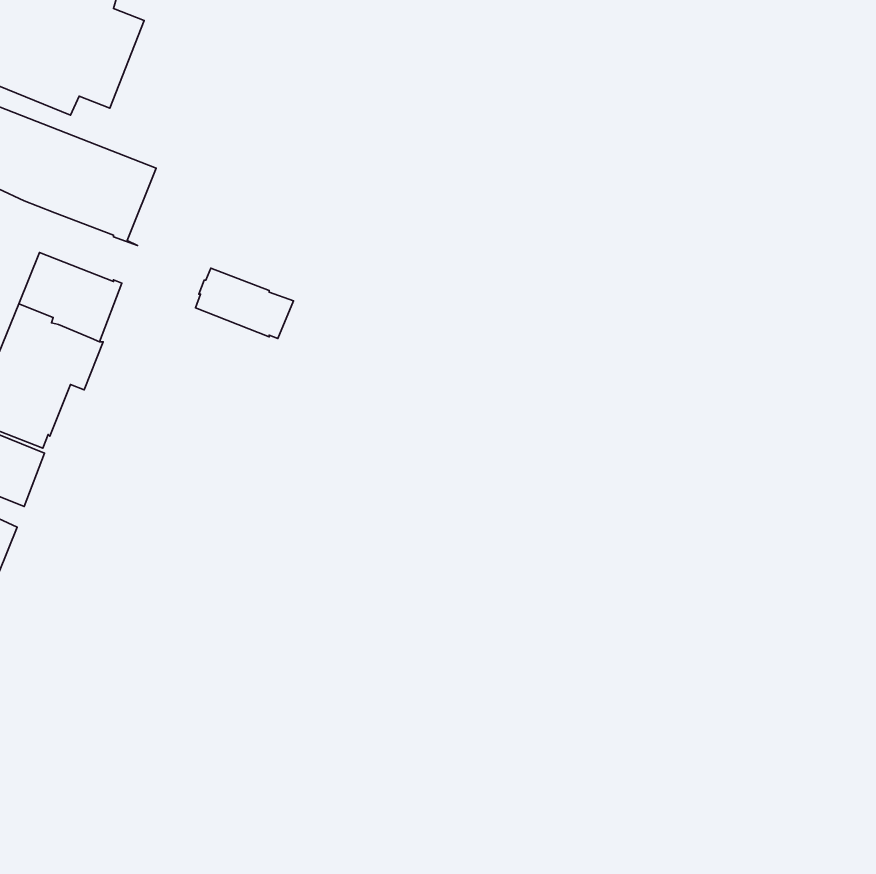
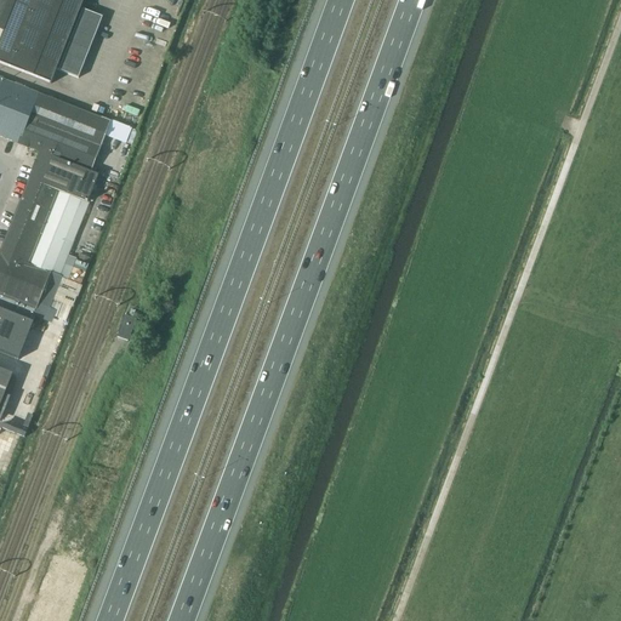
building: [195,268,293,339] -> [28,150,97,200]

